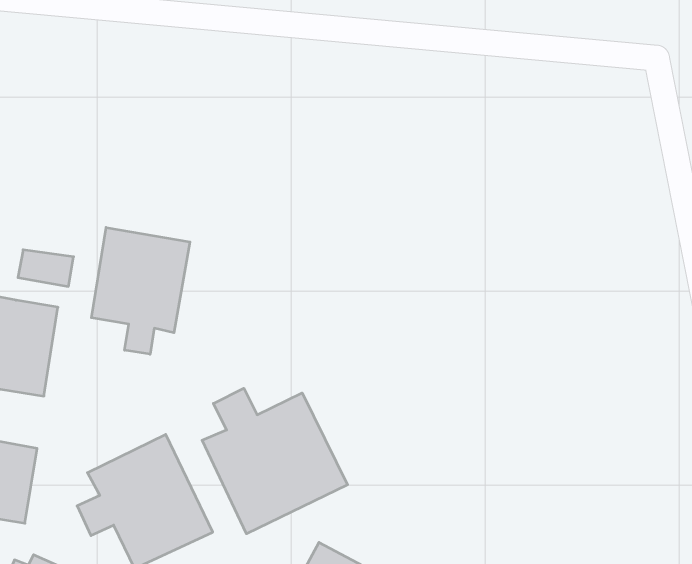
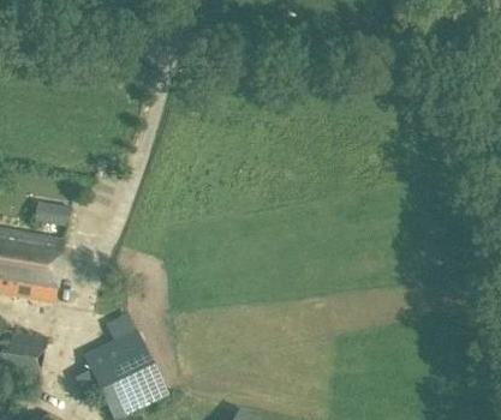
building: [91,227,190,354] -> none
building: [202,388,348,534] -> none

